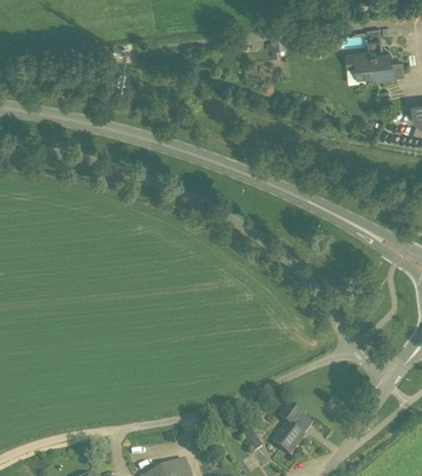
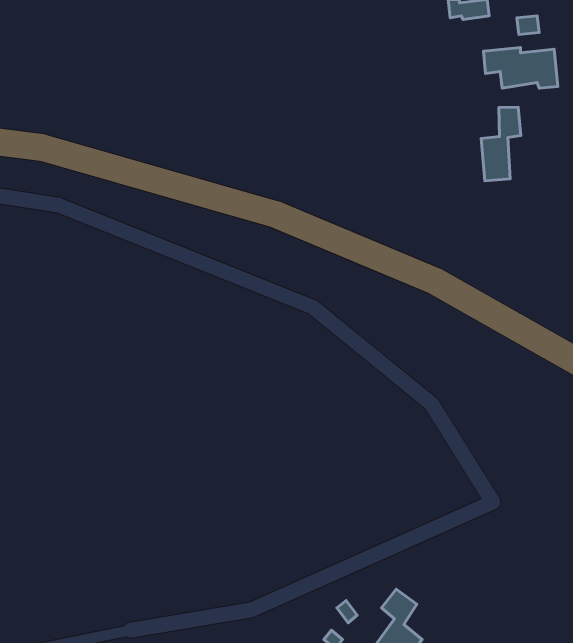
building: none -> [481,107,521,181]

